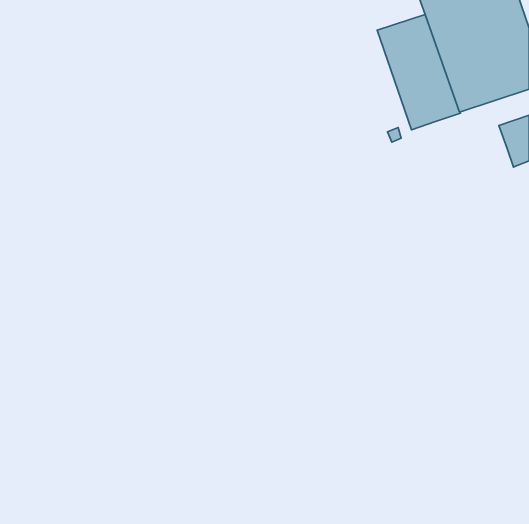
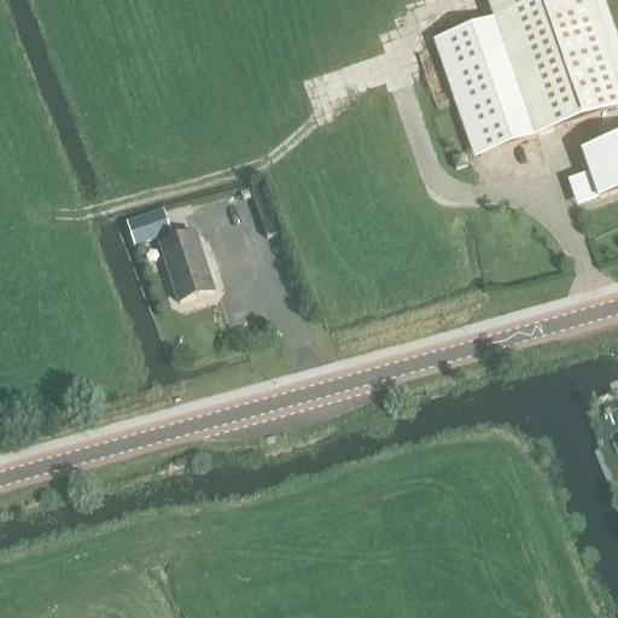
building: none -> [127,205,170,240]
building: none -> [159,228,214,298]

